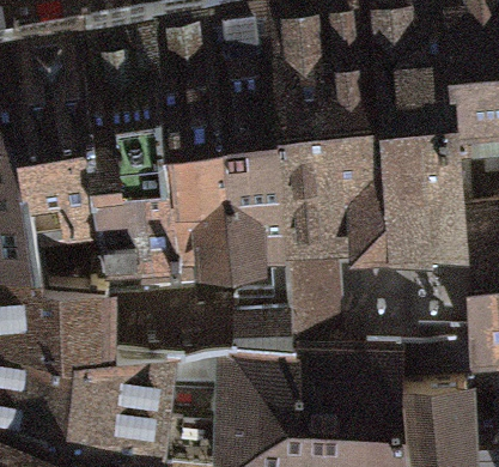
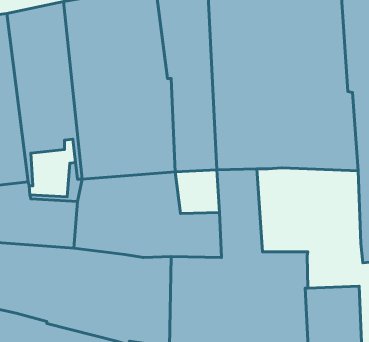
building: [337,241,471,353] -> none

